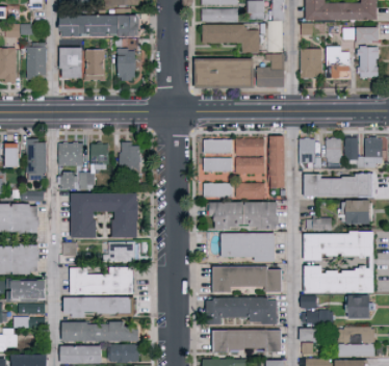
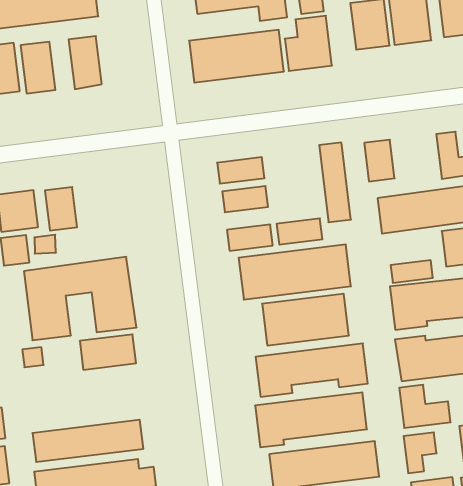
building: [234,138,264,175] -> none
building: [326,138,340,165] -> none
building: [120,141,141,172] -> none
building: [71,267,133,294] -> none

